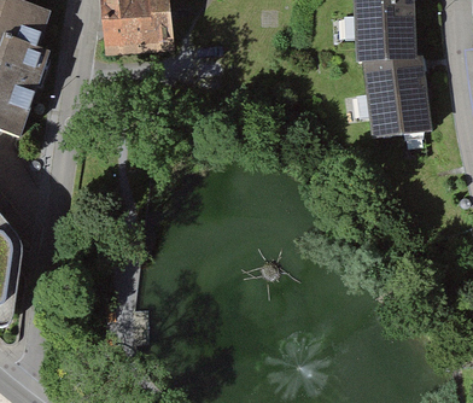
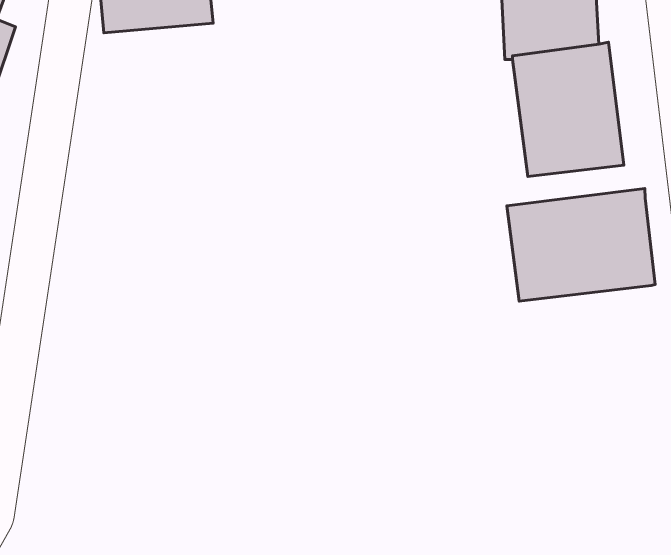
building: none -> [507,189,655,301]

